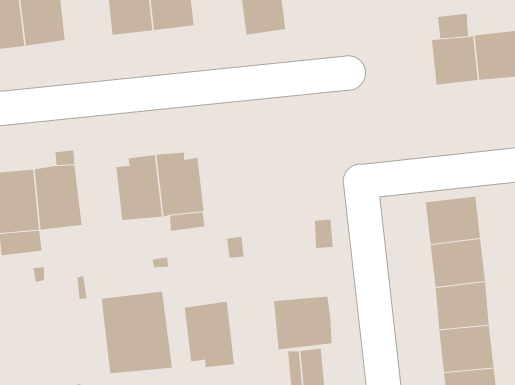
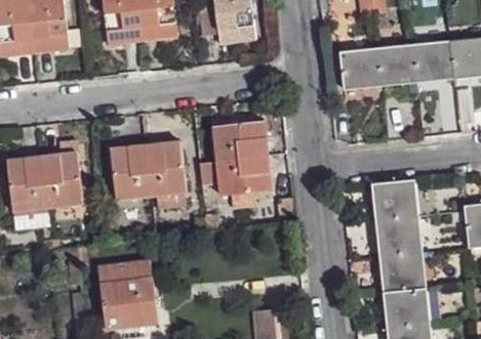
building: none -> [339,48,380,90]
building: none -> [199,121,272,209]
building: [274,296,332,350] -> none
building: [184,301,235,368] -> none

